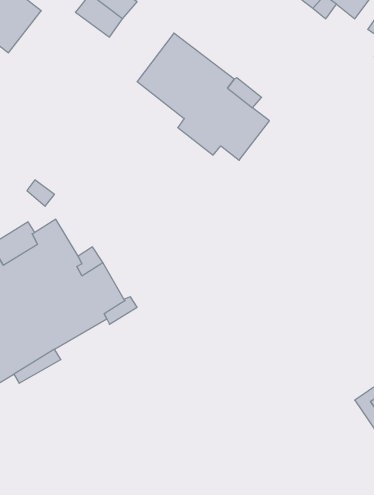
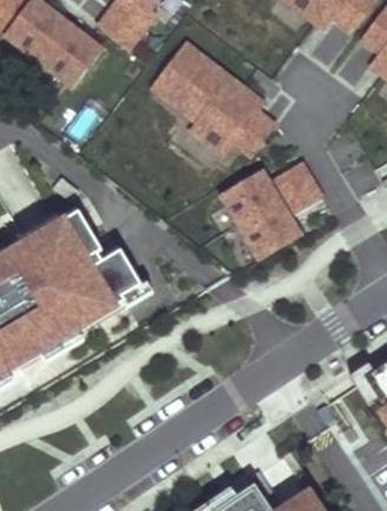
building: none -> [37,23,100,86]
building: none -> [222,160,322,258]

